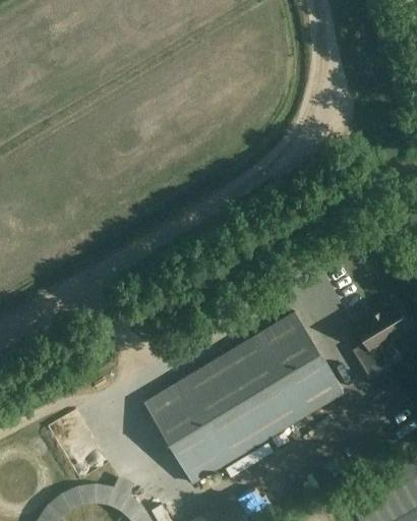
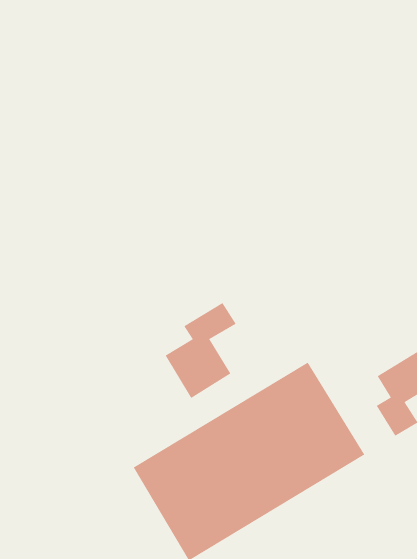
building: none -> [165,302,236,399]

